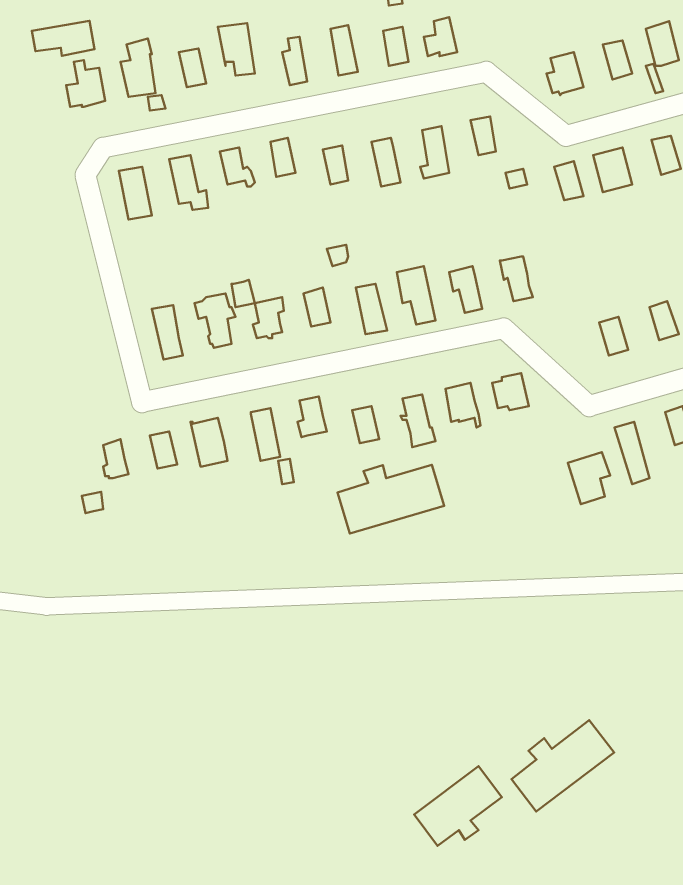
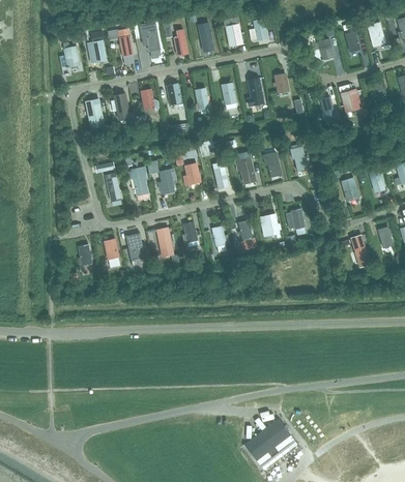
building: [32,21,95,56] -> none
building: [568,452,610,504] -> none
building: [337,465,444,533] -> none
building: [511,720,614,811] -> none

